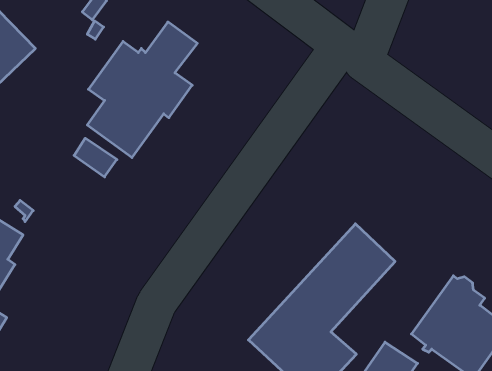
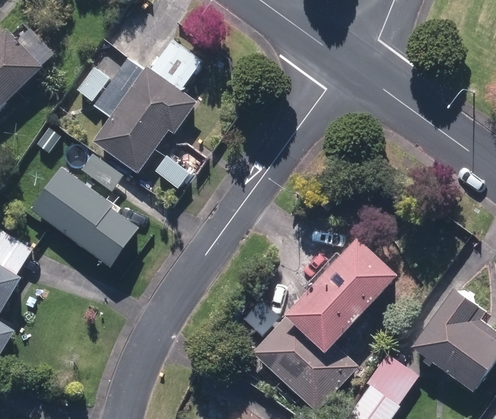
building: none -> [30,167,138,267]

